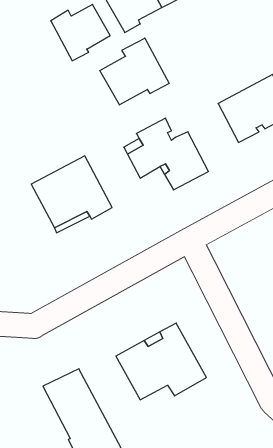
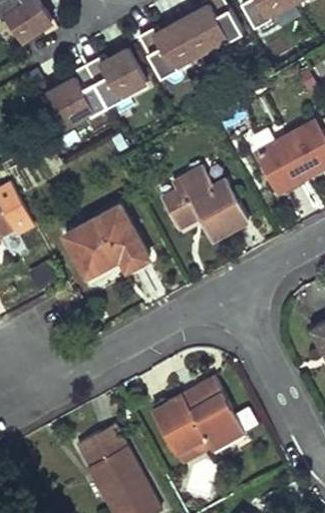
building: none -> [47,66,107,125]
building: [100,38,169,105] -> none

